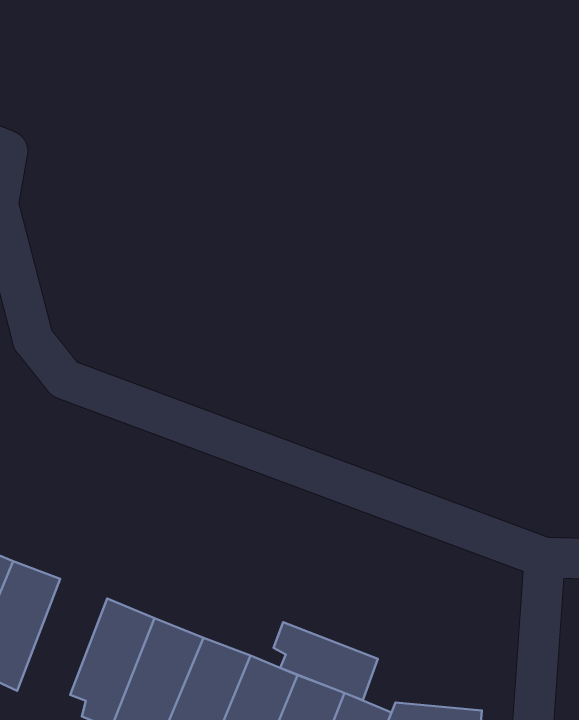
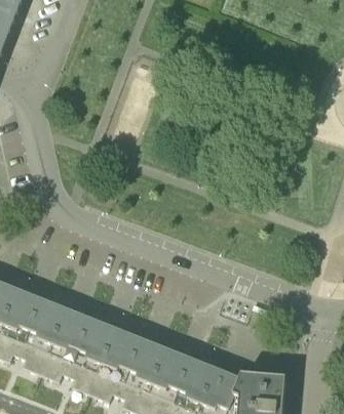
building: none -> [42,304,89,368]
building: [273,622,378,700] -> none

